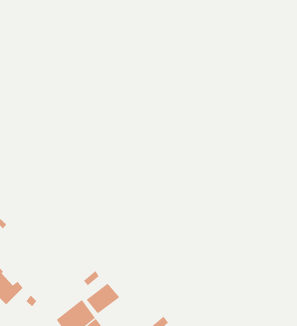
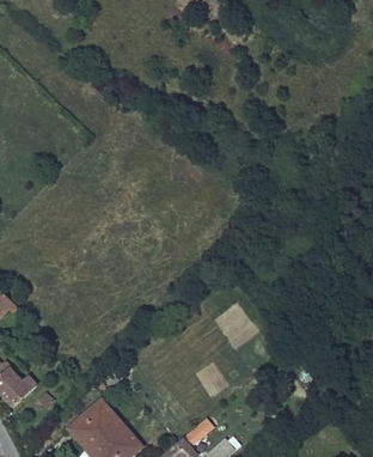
building: [86,283,120,314] -> none

